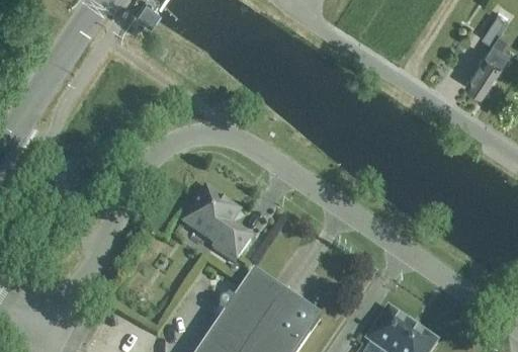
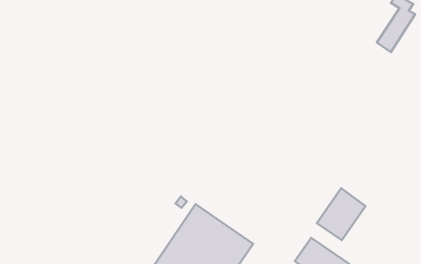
building: [183,187,249,263] -> none
building: none -> [317,188,366,240]

